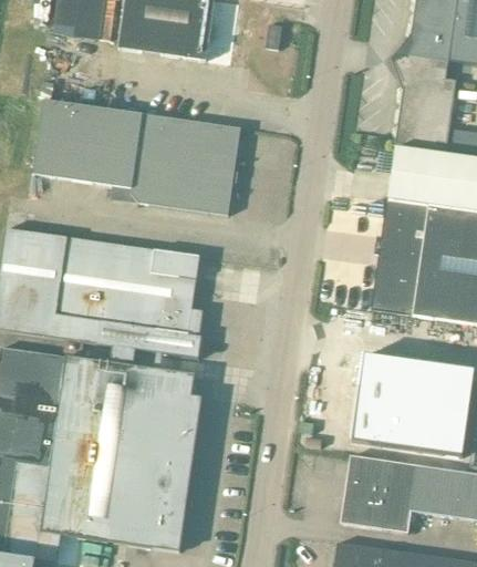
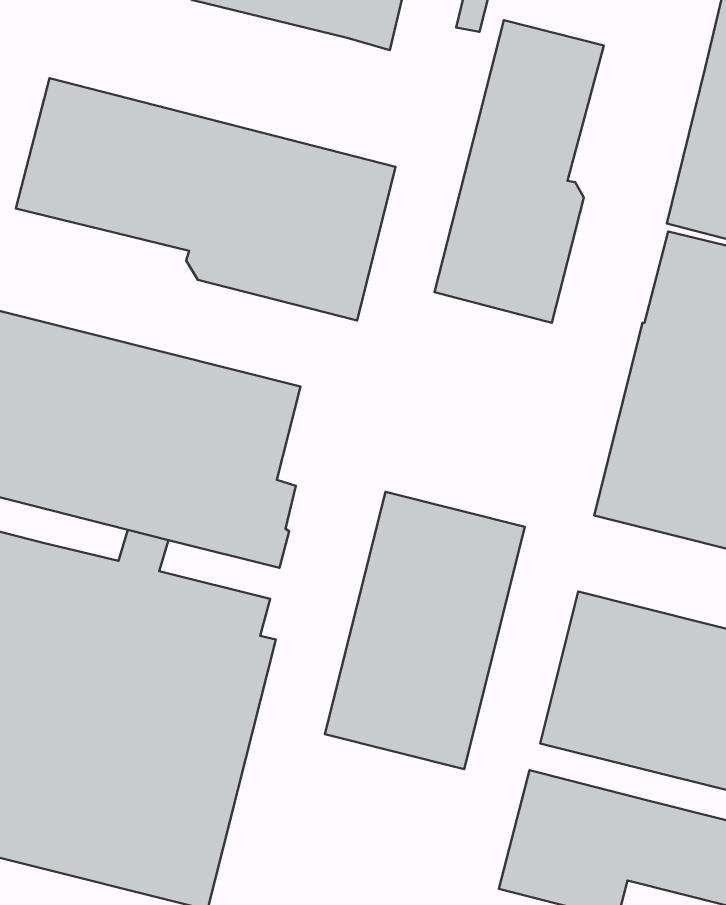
building: none -> [434,20,604,323]
building: none -> [325,492,525,769]

